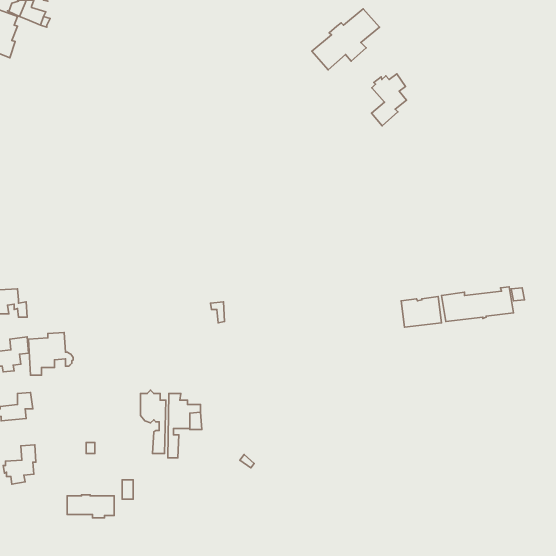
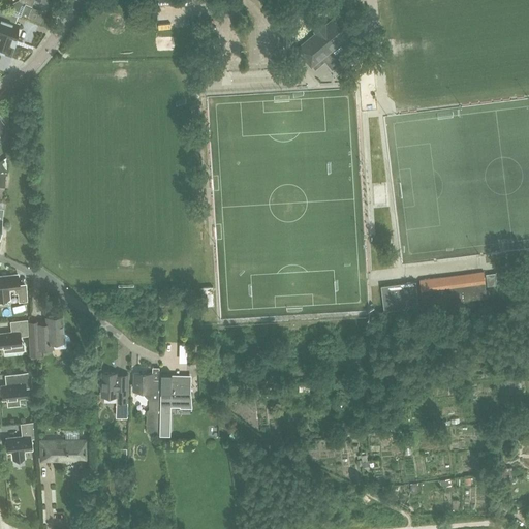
building: [371,74,406,126] -> none
building: none -> [99,373,127,417]
building: [67,495,114,518] -> [40,440,85,462]

